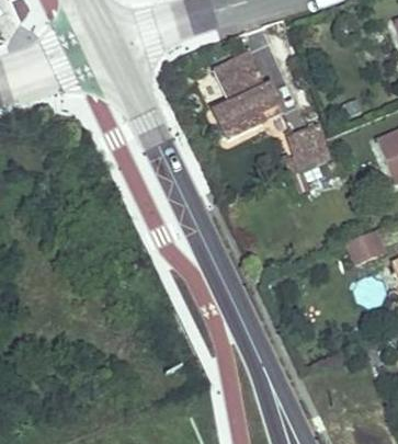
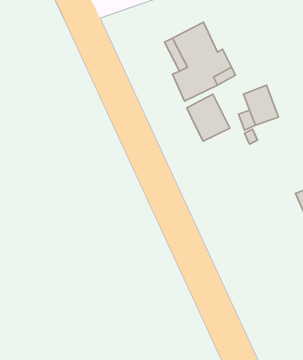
building: none -> [187,94,230,141]

